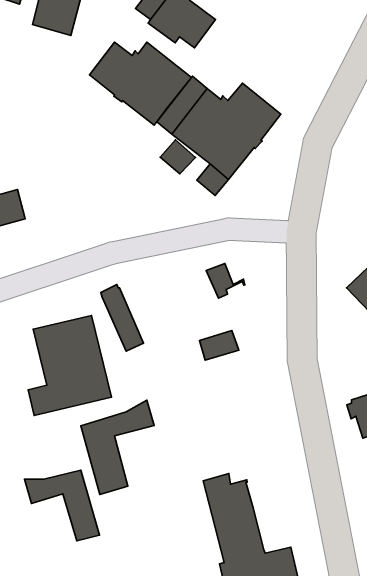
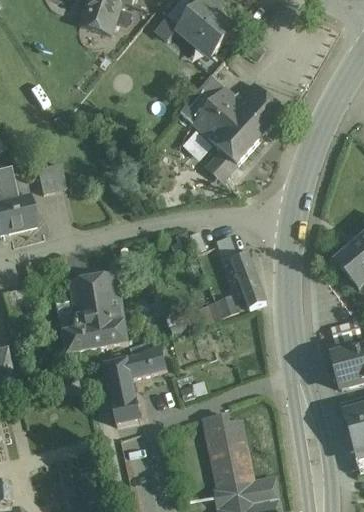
building: [89,42,191,125] -> none
building: [101,284,144,351] -> [231,250,265,307]
building: [25,470,100,541] -> none

